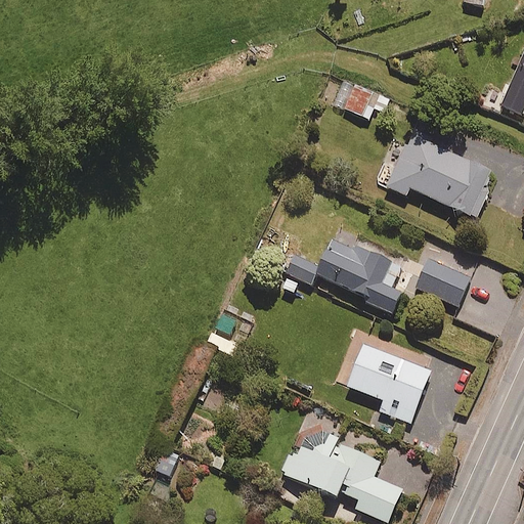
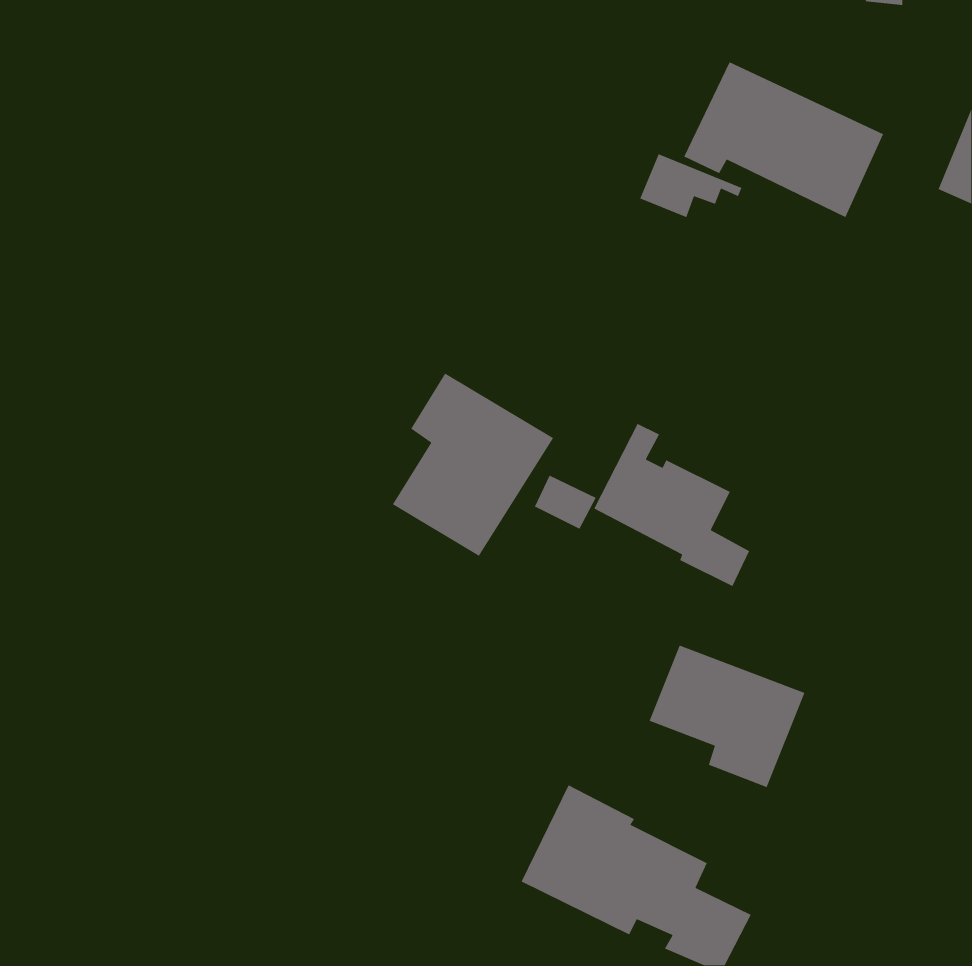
building: [386,134,493,218] -> [683,61,884,218]
building: none -> [392,373,554,557]
building: [417,259,470,305] -> none

